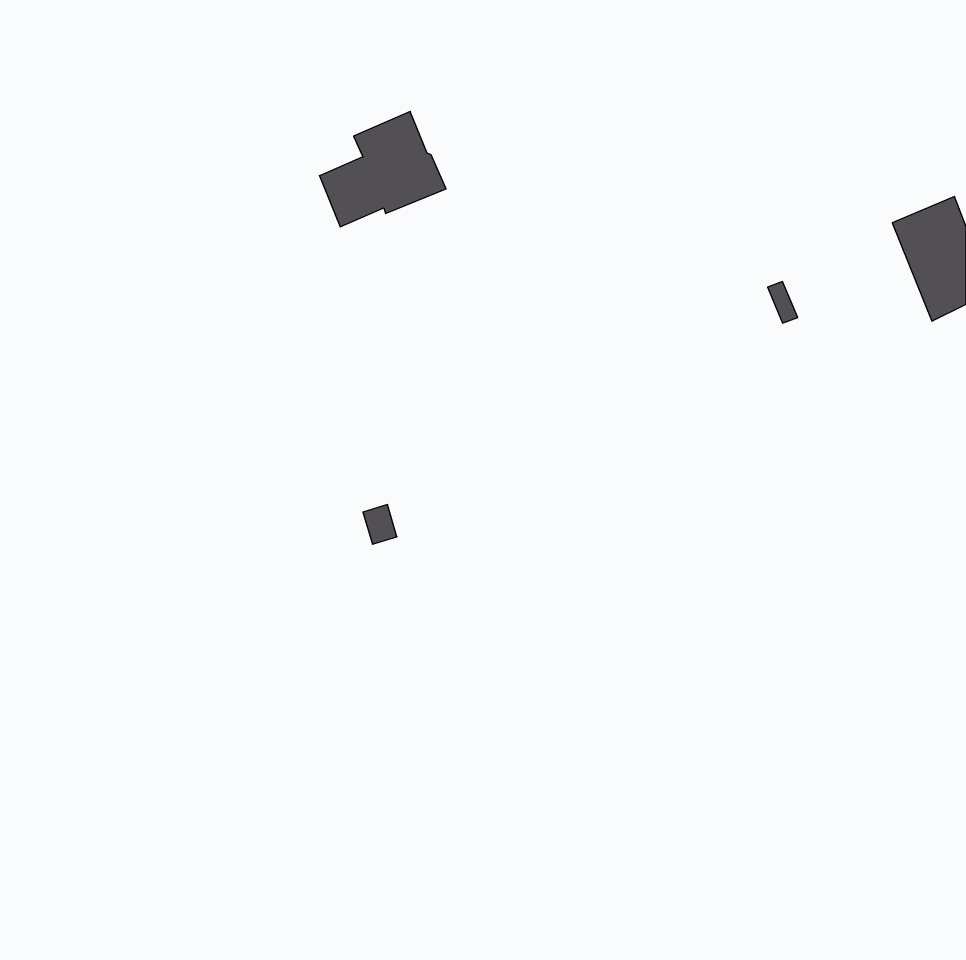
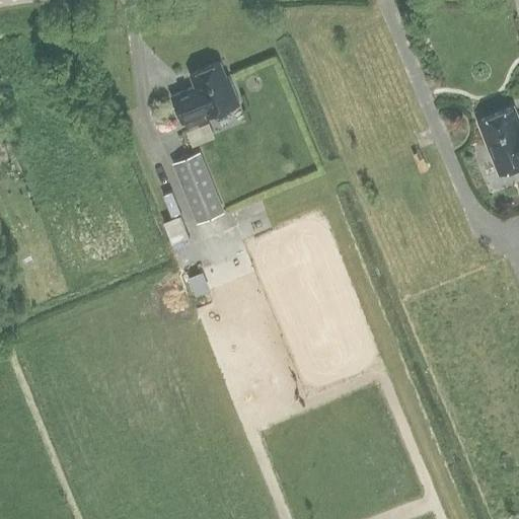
building: none -> [171,154,224,226]

